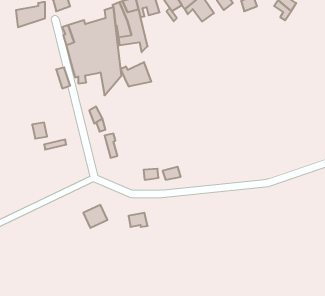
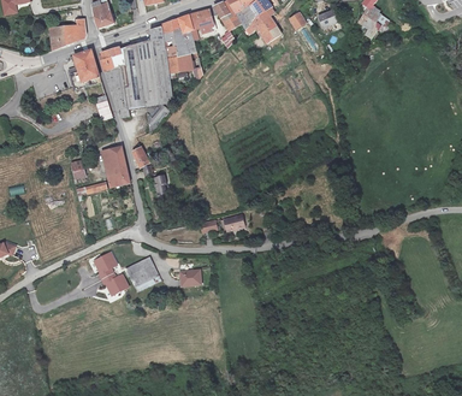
building: none -> [70,48,102,88]
building: [121,62,151,87] -> none
building: none -> [101,147,129,188]
building: none -> [99,253,129,286]

